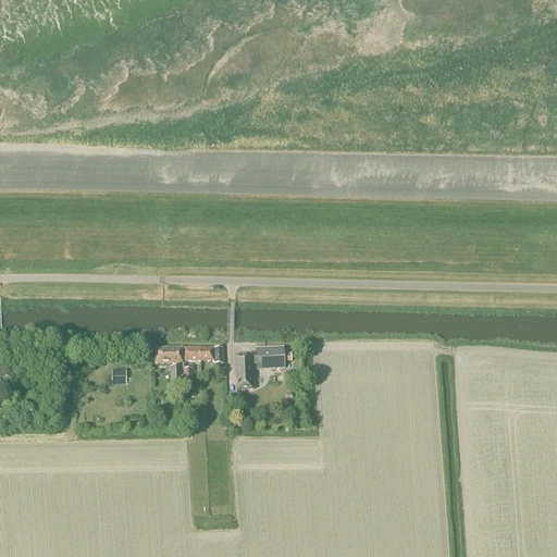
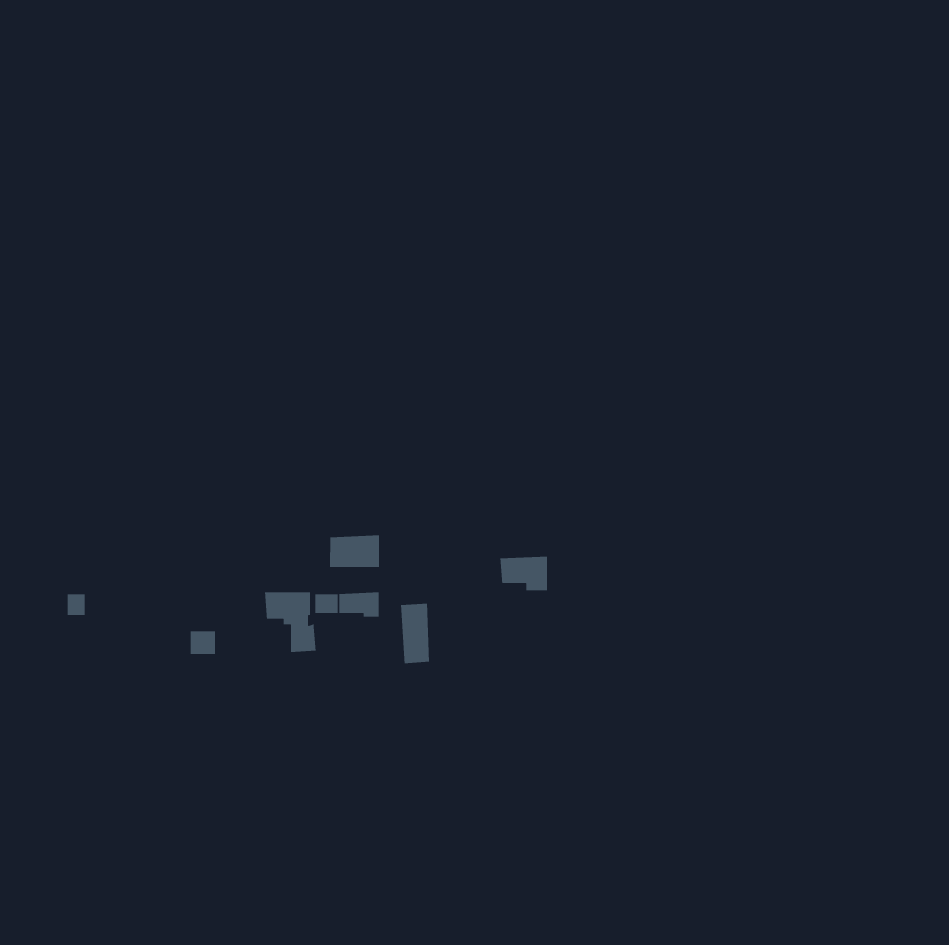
building: none -> [329,535,380,568]
building: [256,346,284,367] -> [500,556,548,591]

